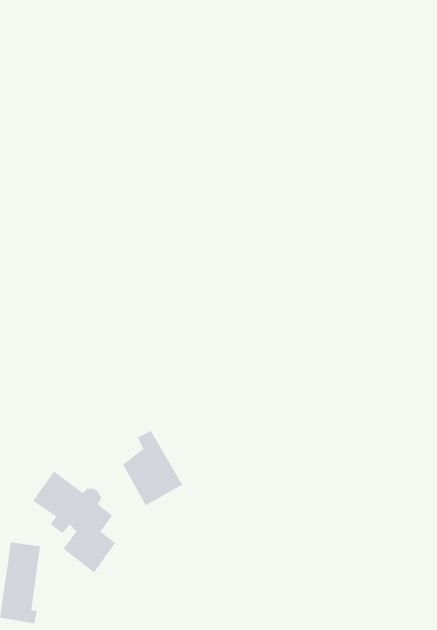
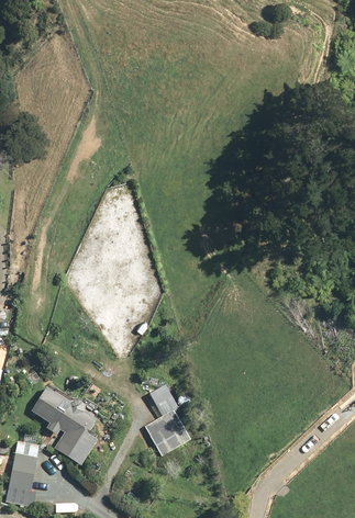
building: [122,430,183,507] -> [144,399,190,458]

